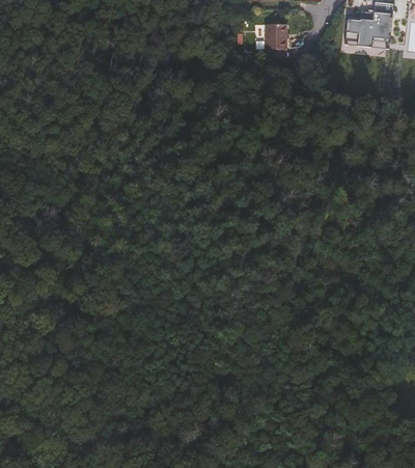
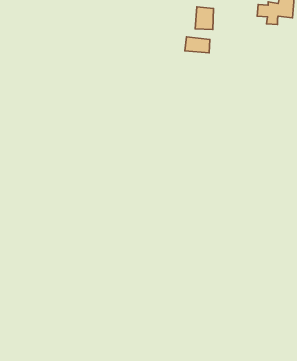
building: none -> [185,37,210,53]

